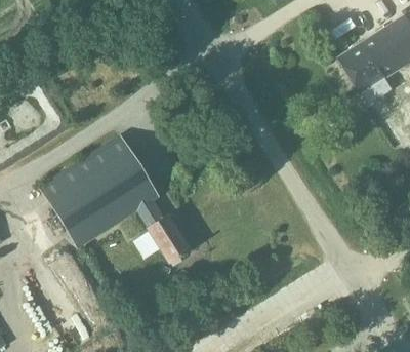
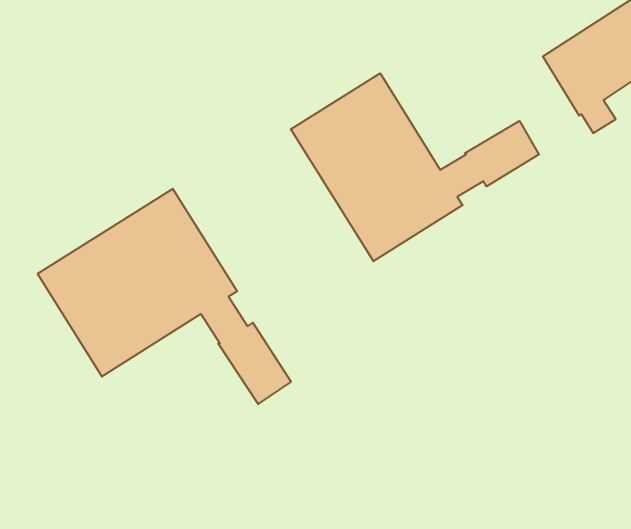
building: none -> [291,73,539,261]

